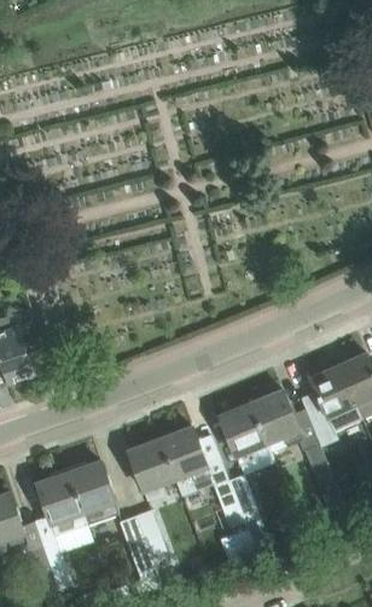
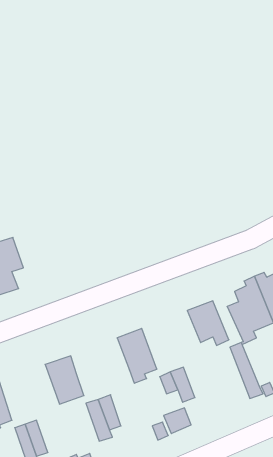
building: [220,403,267,467] -> none
building: [129,438,176,502] -> none
building: [37,472,88,537] -> none

